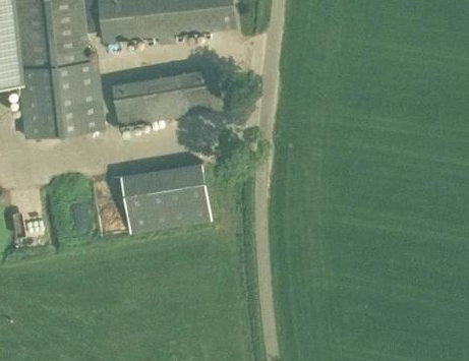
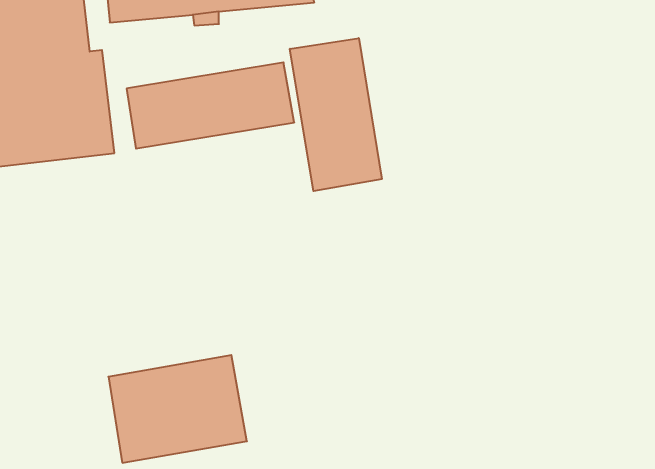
building: none -> [290,38,382,191]
building: [120,162,212,233] -> [108,355,247,463]

